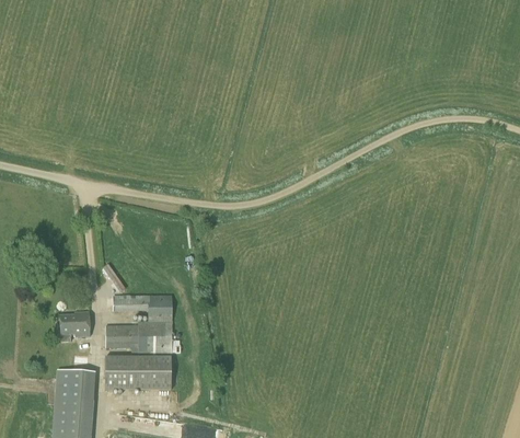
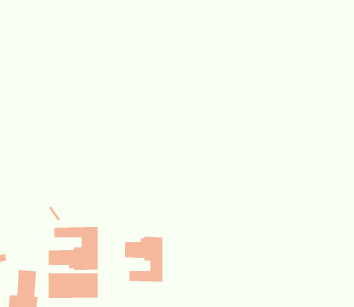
building: none -> [124,236,163,282]
building: [60,312,91,342] -> none

